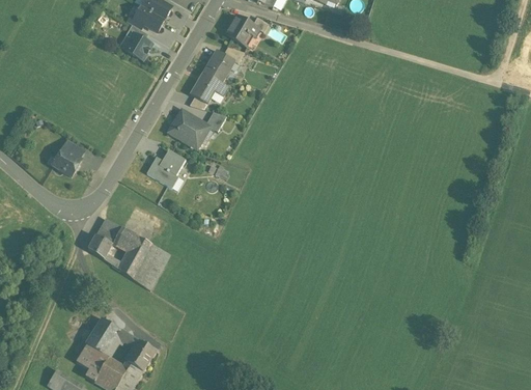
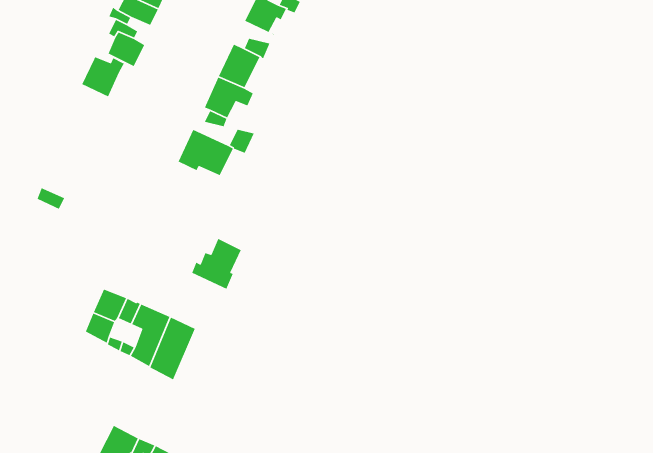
building: none -> [81,50,125,97]
building: [52,148,80,175] -> none
building: [146,148,185,187] -> [191,238,242,290]

